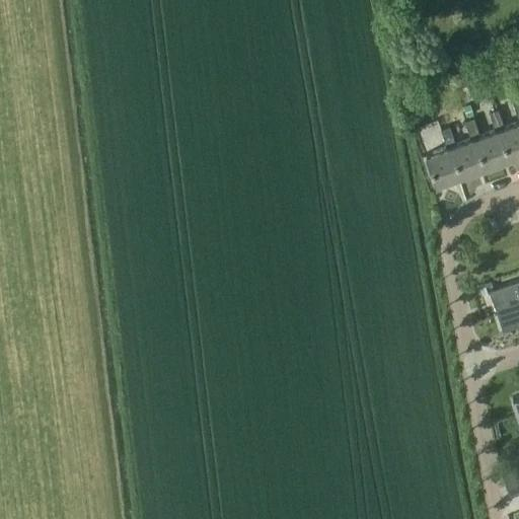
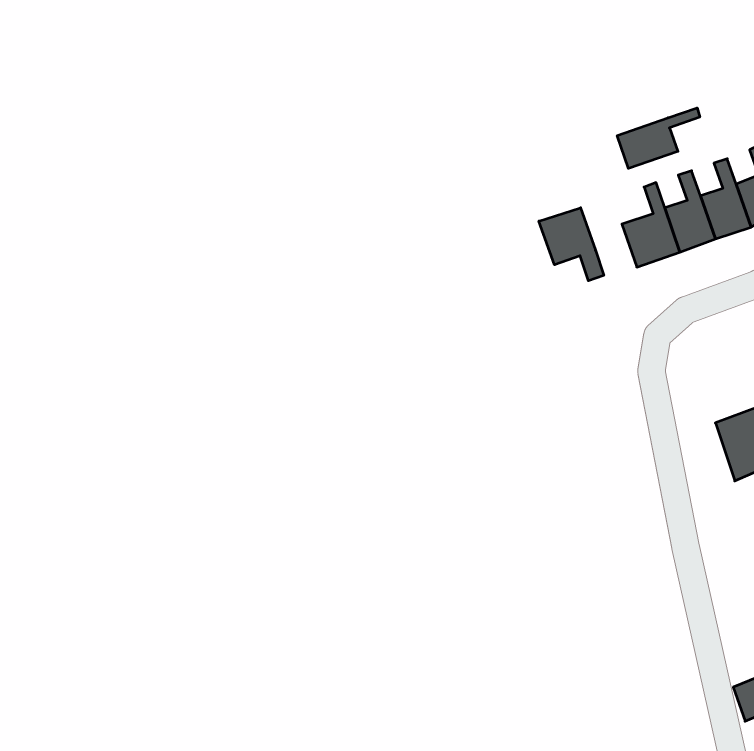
building: none -> [617,108,700,168]
building: none -> [539,208,604,281]

